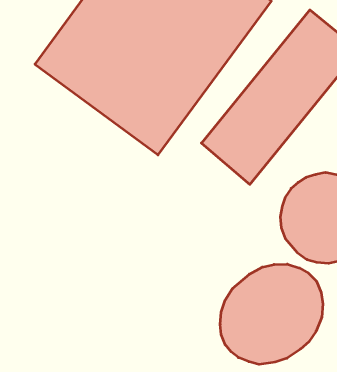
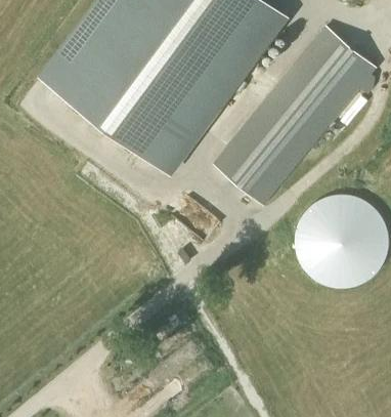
building: [220,264,323,364] -> none

